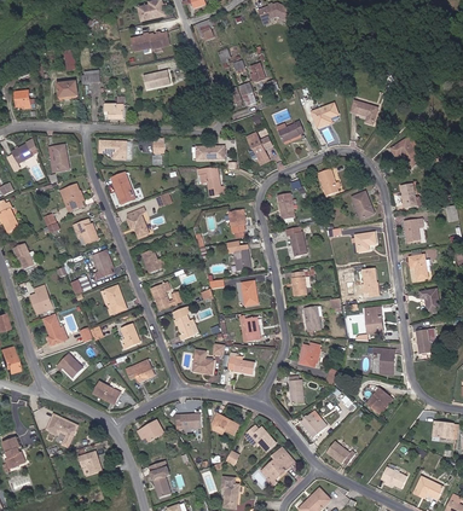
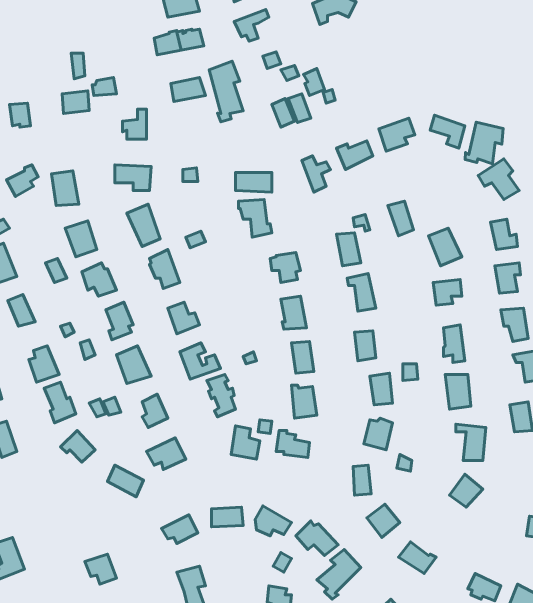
building: none -> [209,61,243,122]
building: none -> [465,122,503,164]
building: [42,413,76,448] -> none

